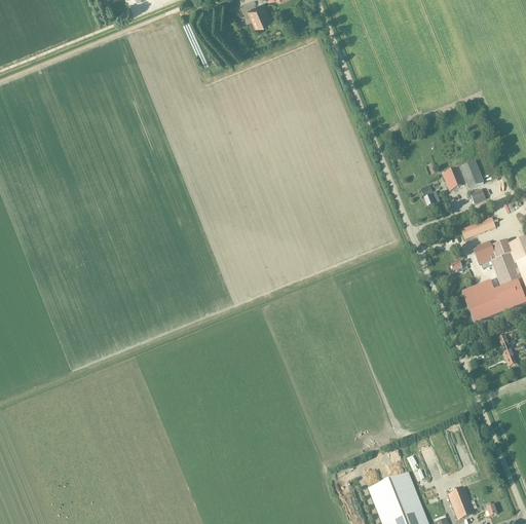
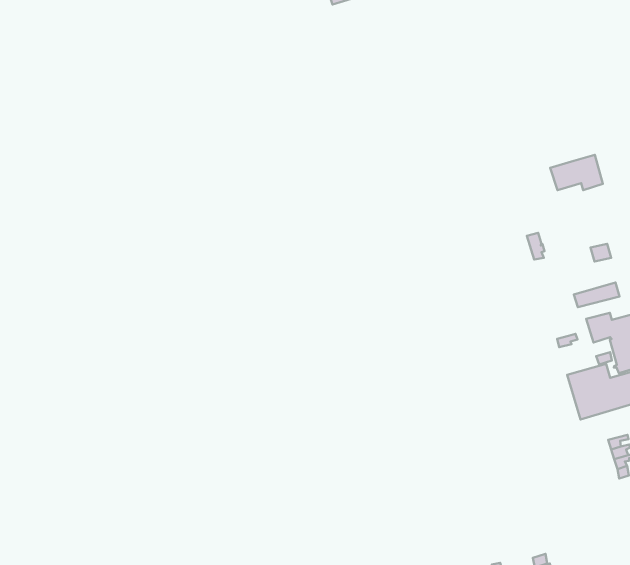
building: [442,160,483,190] -> [550,155,603,190]

